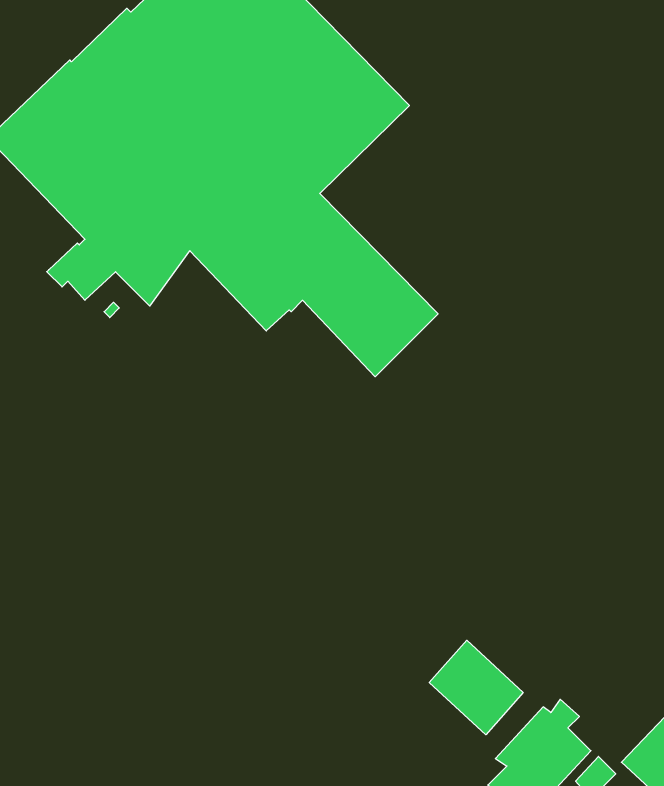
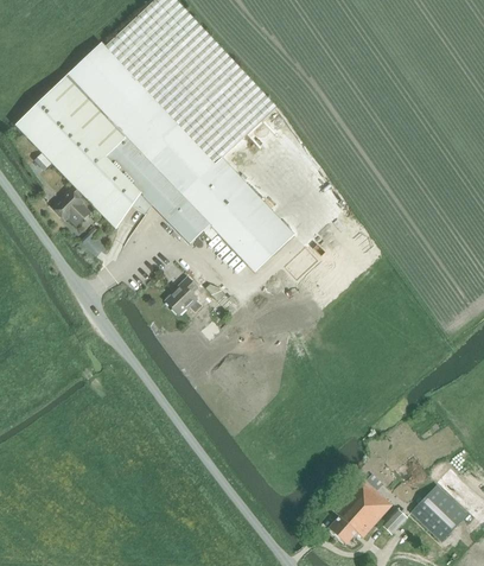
building: none -> [165,275,197,312]
building: [429,640,523,735] -> none

